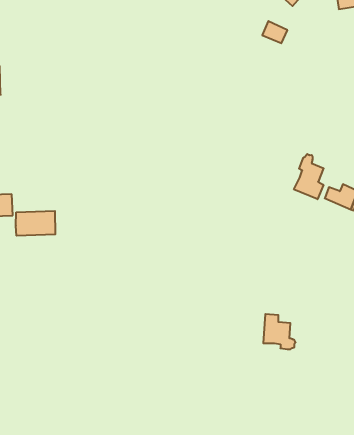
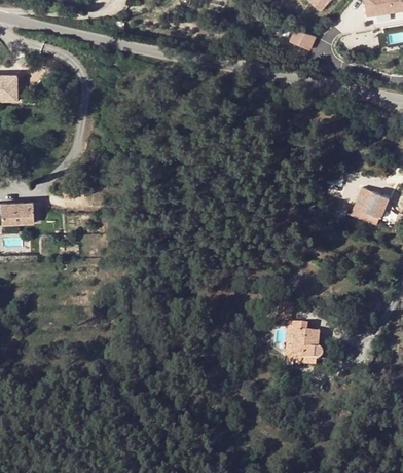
building: [294,154,324,199] -> none
building: [16,211,55,236] -> none

